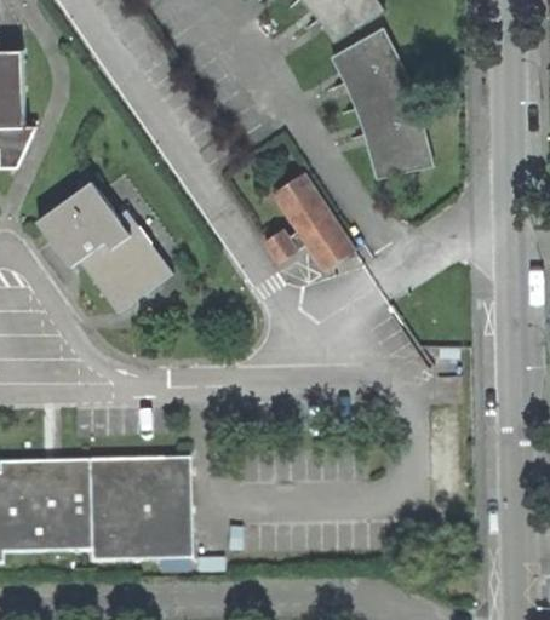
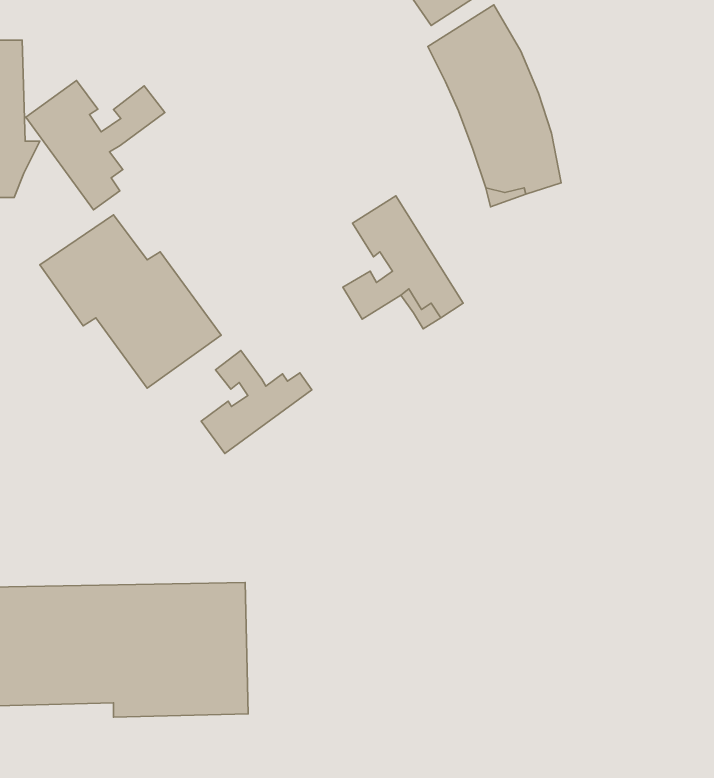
building: none -> [26,80,165,210]
building: none -> [201,351,312,454]

